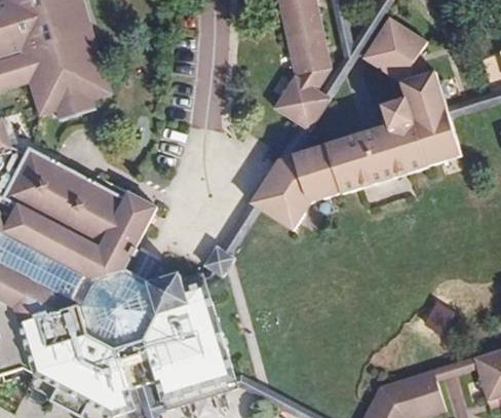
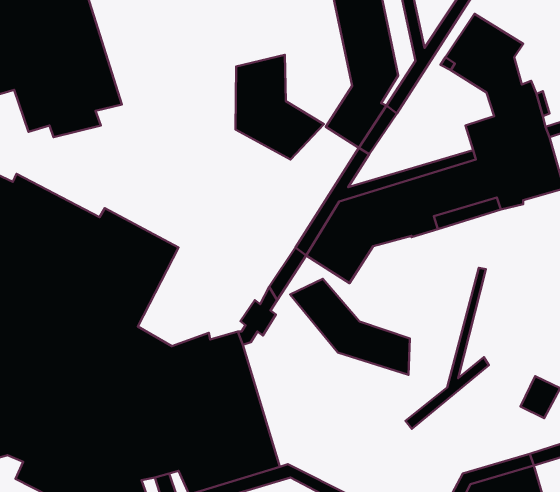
building: none -> [235,55,324,160]
building: none -> [406,268,489,429]
building: none -> [290,279,410,375]

